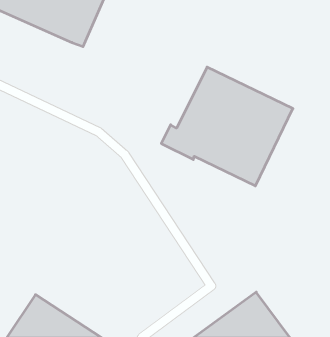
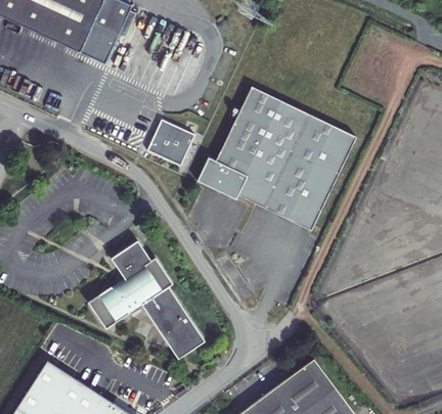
building: none -> [147,119,194,166]
building: none -> [87,240,205,359]

